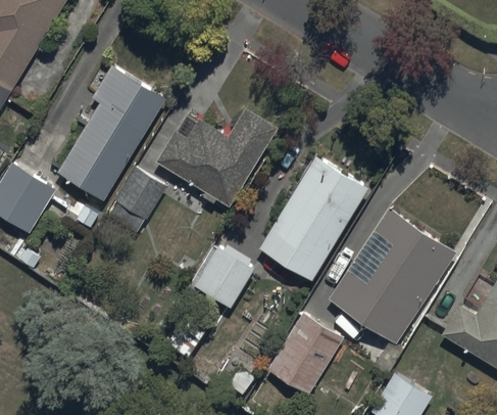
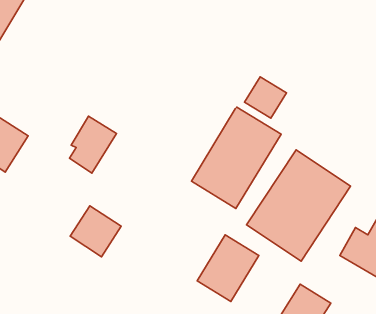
building: [56,67,165,201] -> none
building: [157,107,278,205] -> none
building: none -> [245,77,287,118]
building: [192,245,255,309] -> [70,206,121,257]

